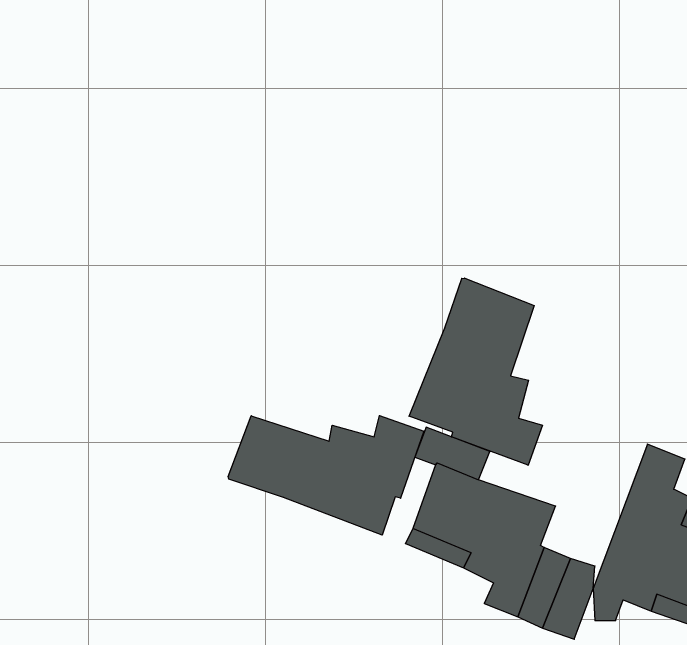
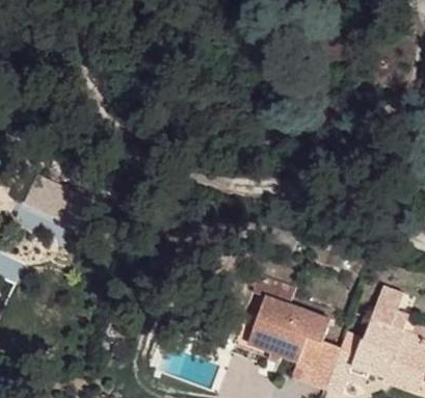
building: [409,278,543,465] -> none
building: [228,416,424,535] -> none

